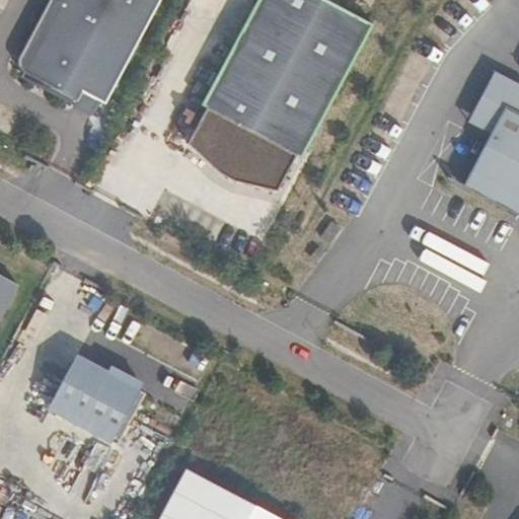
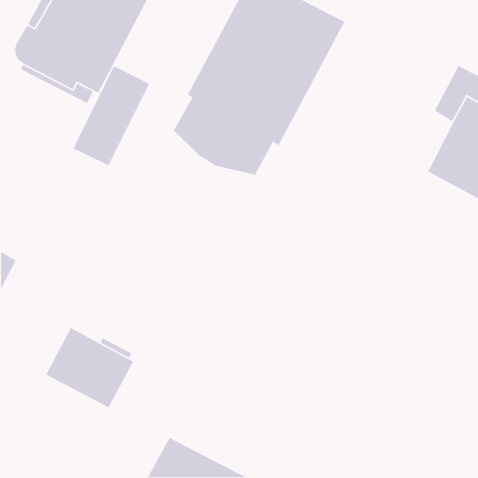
building: none -> [72,65,150,166]

